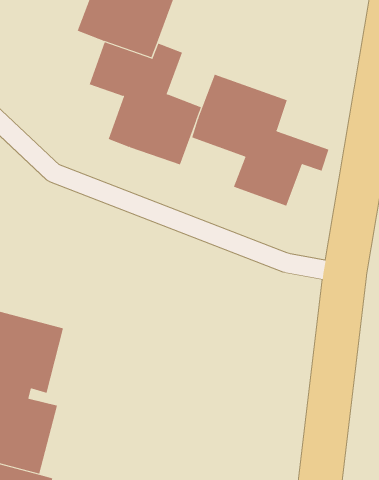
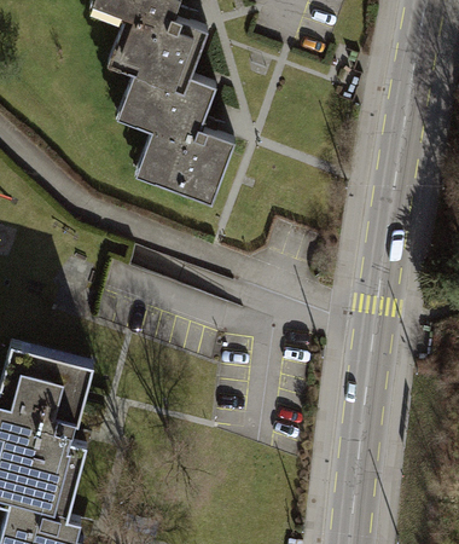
building: [191,74,329,206] -> none

